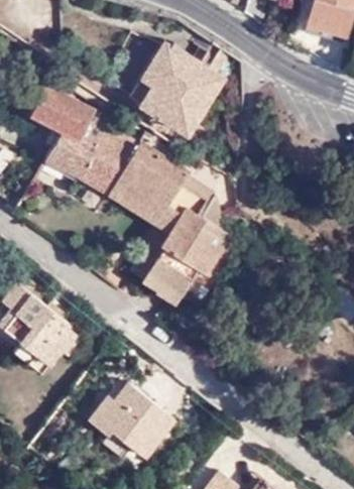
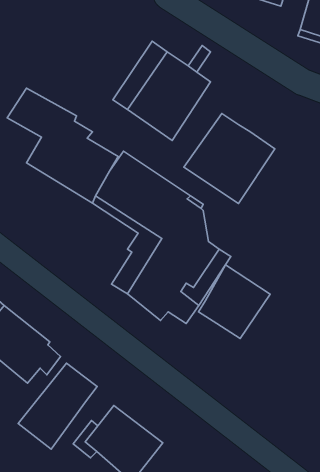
building: none -> [184,113,275,204]
building: none -> [199,265,270,339]
building: none -> [18,363,97,449]

